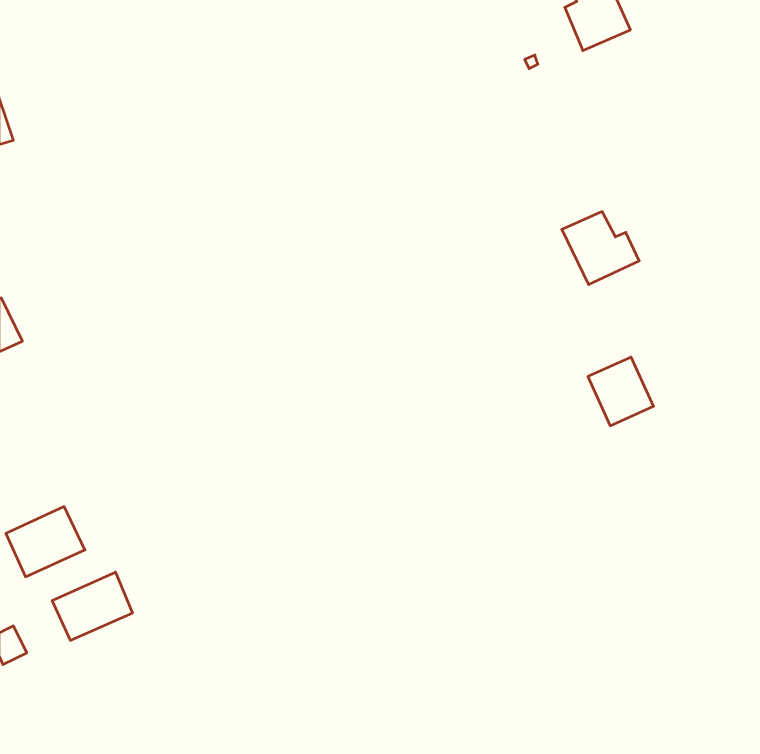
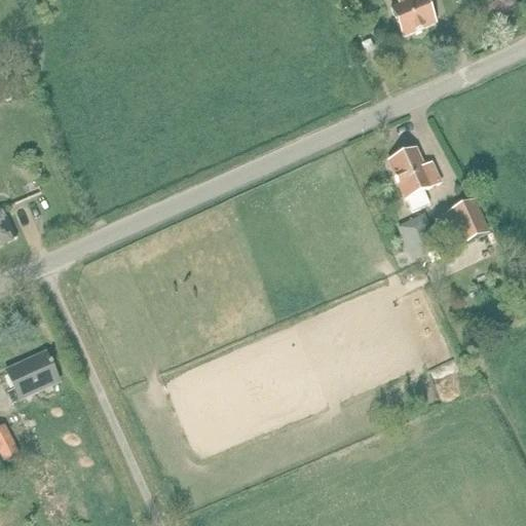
building: [588,357,654,426] -> [444,196,489,243]
building: [52,572,132,640] -> none

